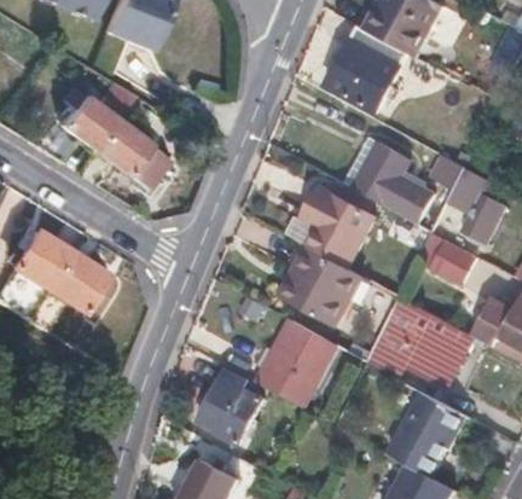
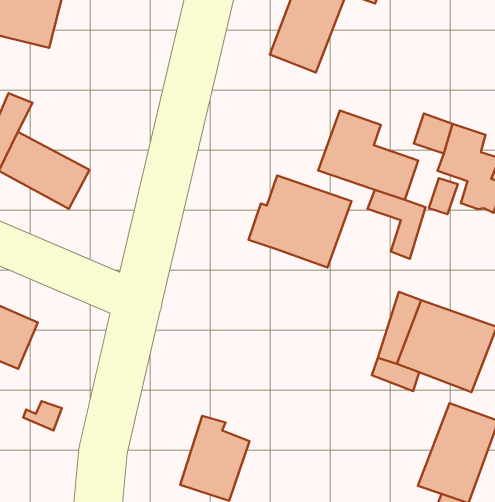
building: [429,238,480,286] -> none
building: [280,244,358,327] -> none
building: [256,318,337,407] -> none

